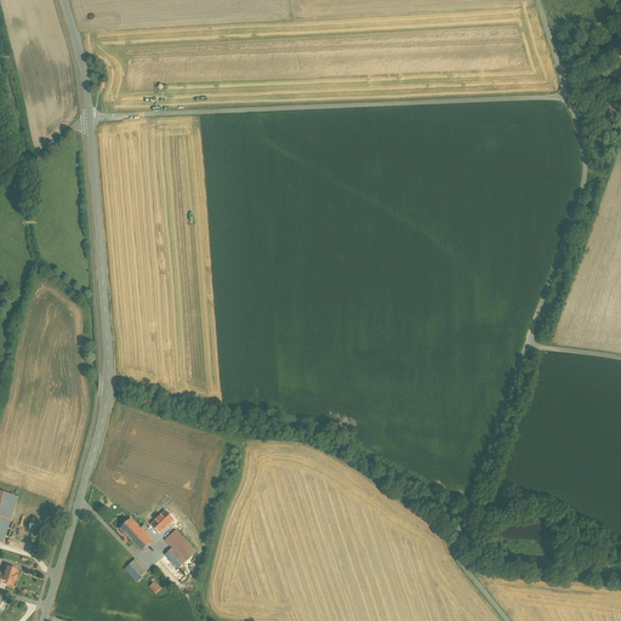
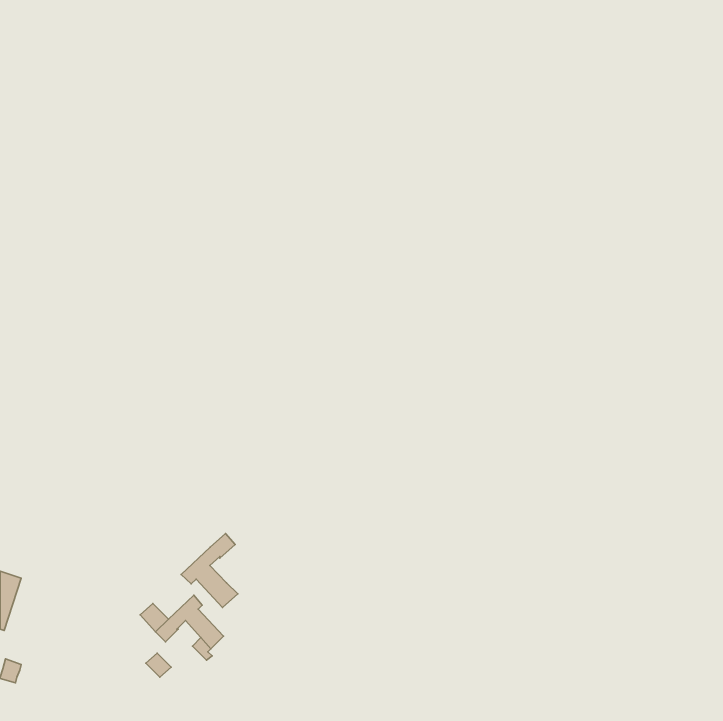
building: none -> [181,533,238,607]

